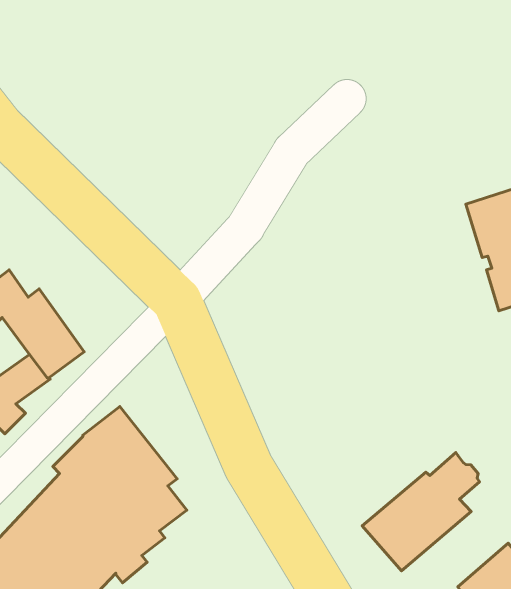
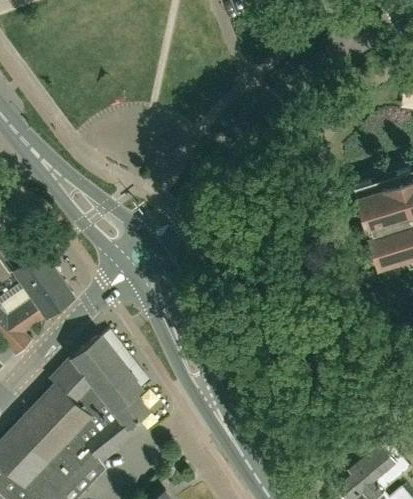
building: [362,452,480,571] -> none

